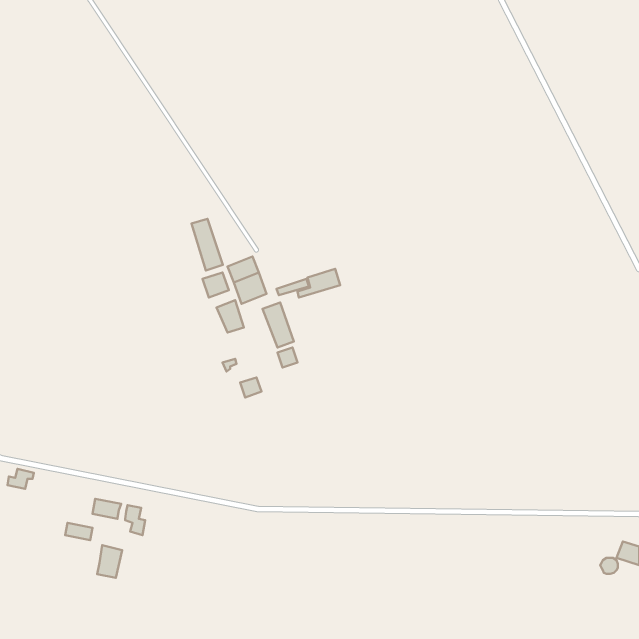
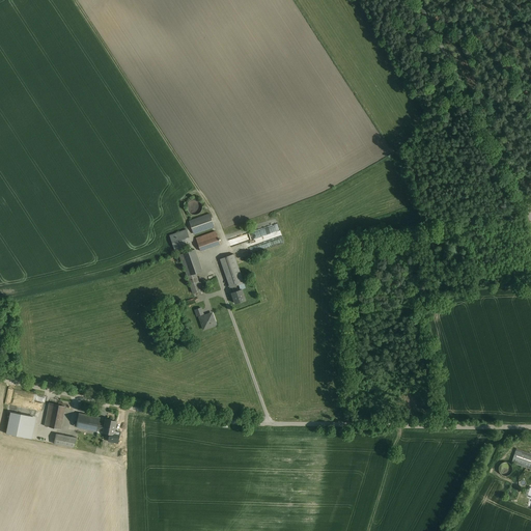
building: [191,219,223,271] -> none
building: none -> [6,412,36,439]
building: [97,545,122,578] -> [45,402,65,429]

